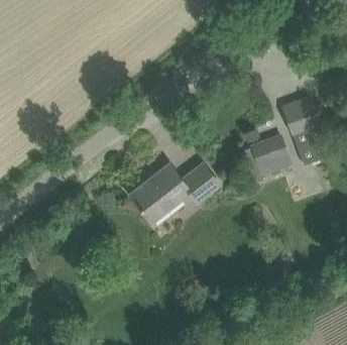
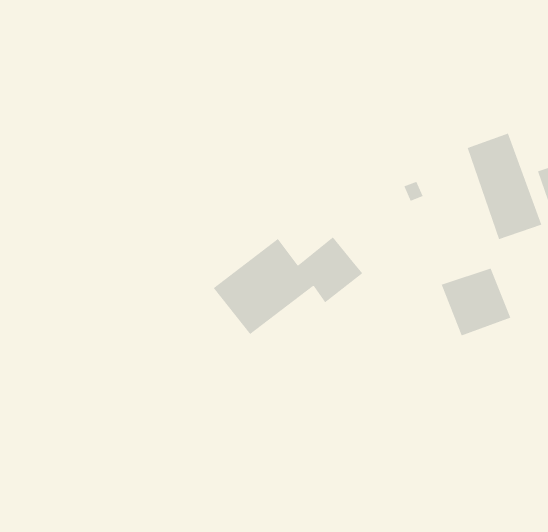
building: [250,134,293,176] -> [441,268,511,336]

